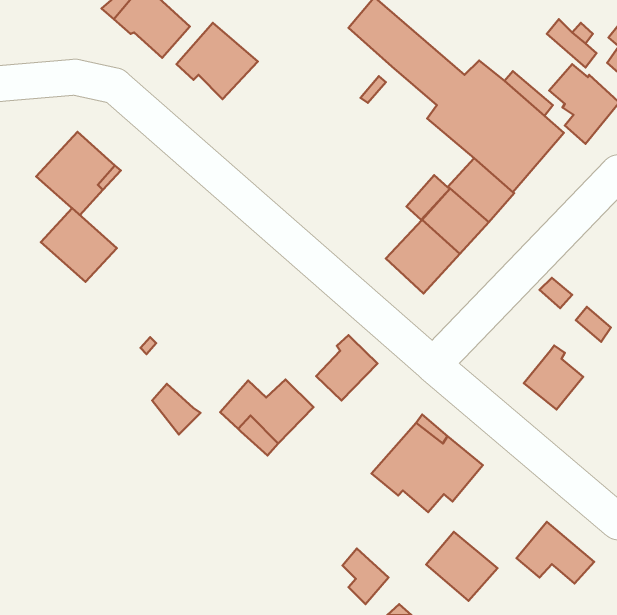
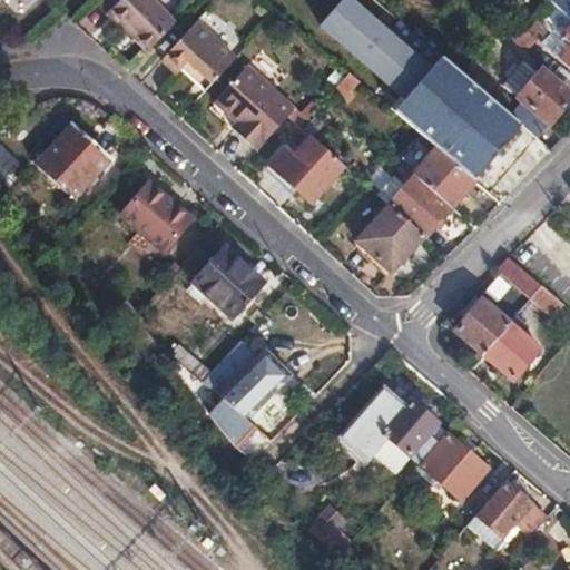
building: none -> [215,67,308,150]
building: none -> [274,132,343,188]
building: [41,208,117,282] -> [122,183,193,250]
building: none -> [196,248,264,315]
building: none -> [455,301,508,353]
building: [316,335,378,401] -> none
building: [152,384,201,434] -> [209,397,254,444]
building: [426,532,497,601] -> [422,434,488,498]

